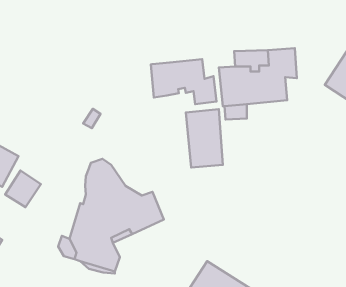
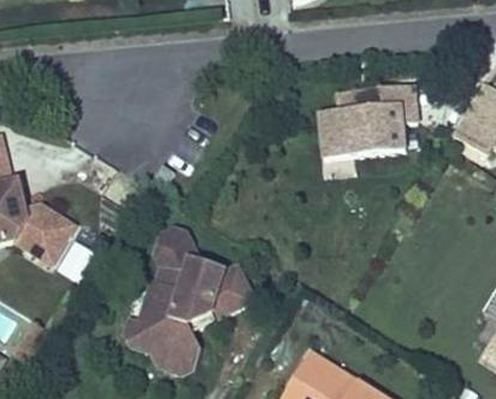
building: [151,59,216,104] -> none
building: [186,109,223,168] -> none

